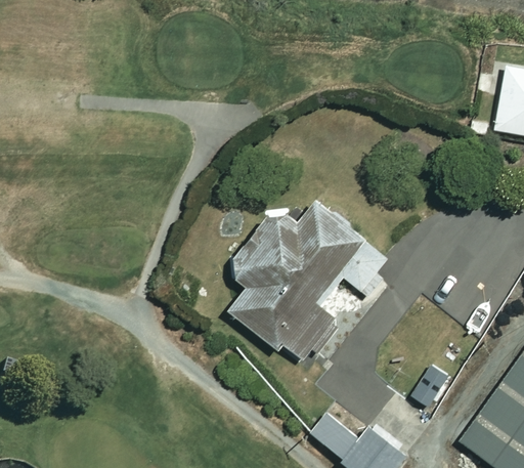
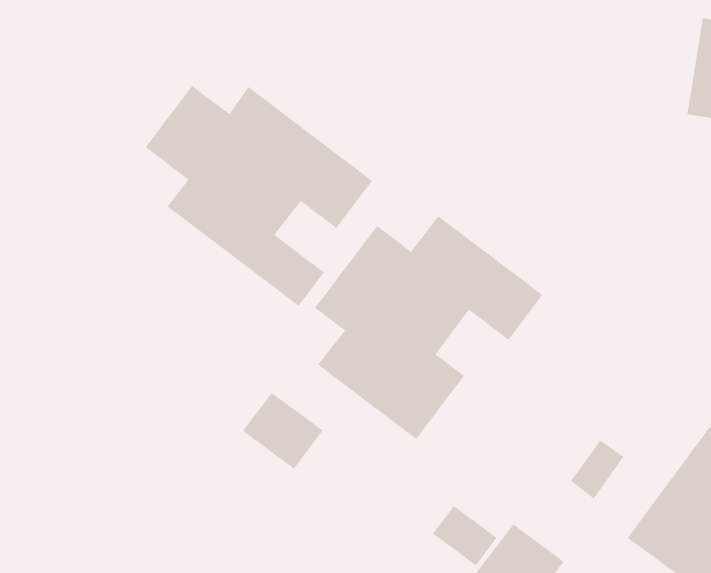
building: none -> [145,85,373,306]
building: none -> [242,392,323,470]

